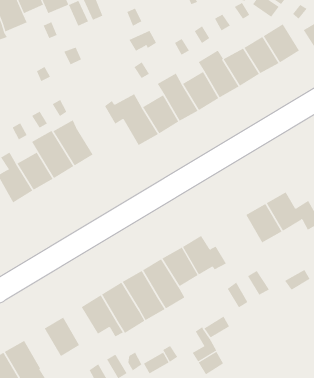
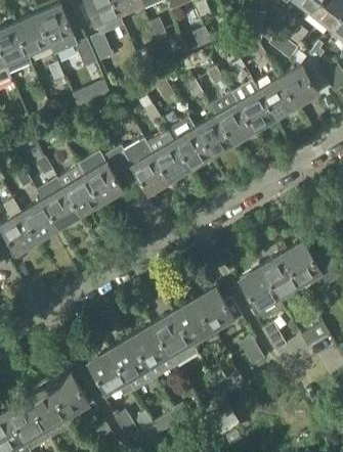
building: none -> [79,151,124,204]
building: none -> [239,267,285,321]
building: none -> [29,387,67,428]

